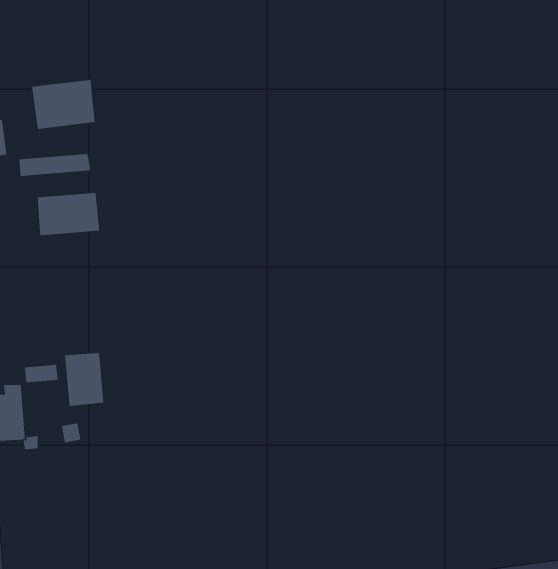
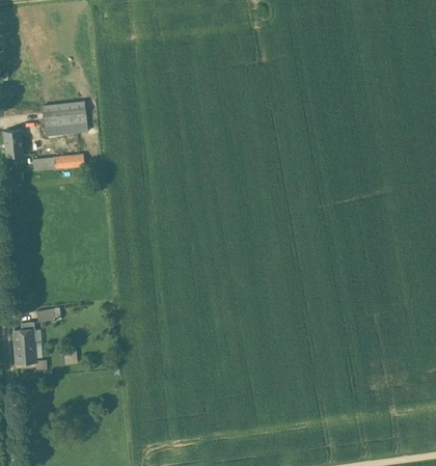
building: [37,192,100,236] -> none
building: [65,352,104,407] -> none

